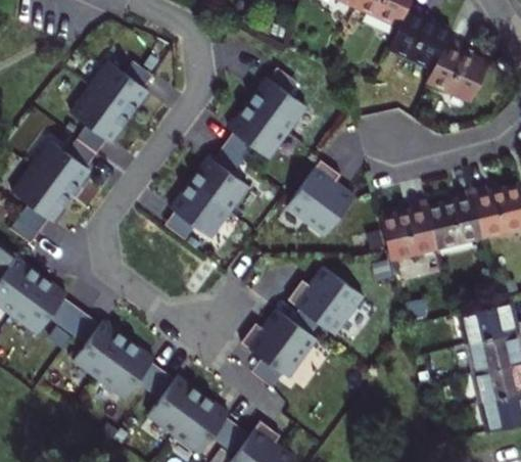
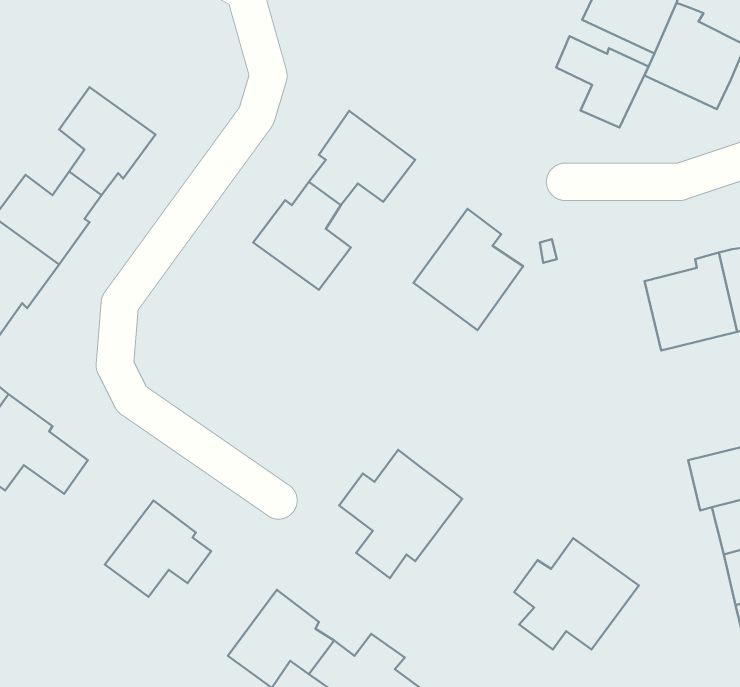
building: none -> [556,36,649,128]
building: [90,63,153,119] -> none
building: [247,68,305,134] -> none
building: [164,184,229,241] -> none
building: [379,201,436,261] -> none
building: [287,268,363,335] -> [514,538,639,650]
building: [75,316,129,379] -> none
building: [149,371,203,434] -> none

